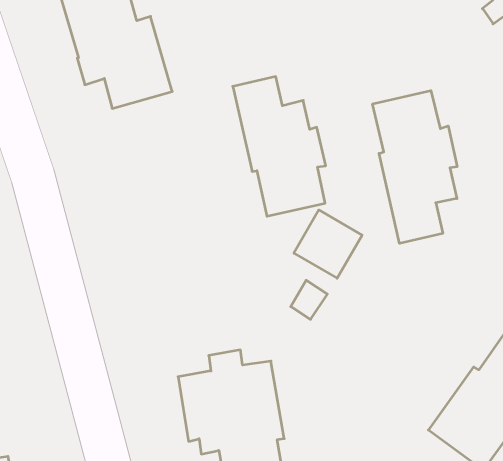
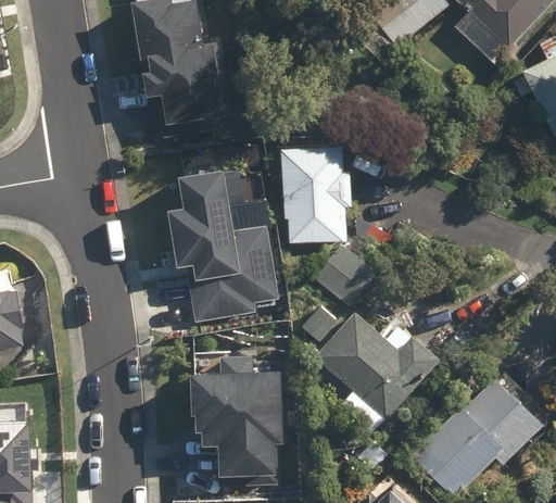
building: [373,91,457,243] -> none
building: none -> [169,175,276,320]
building: none -> [314,309,440,422]

